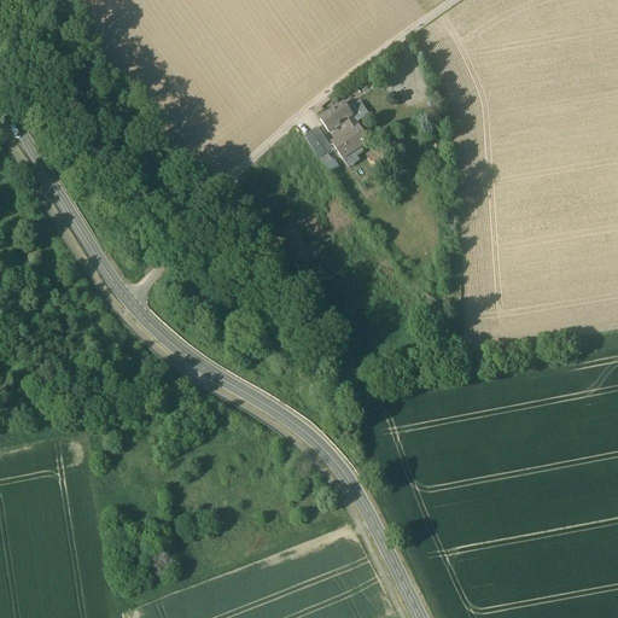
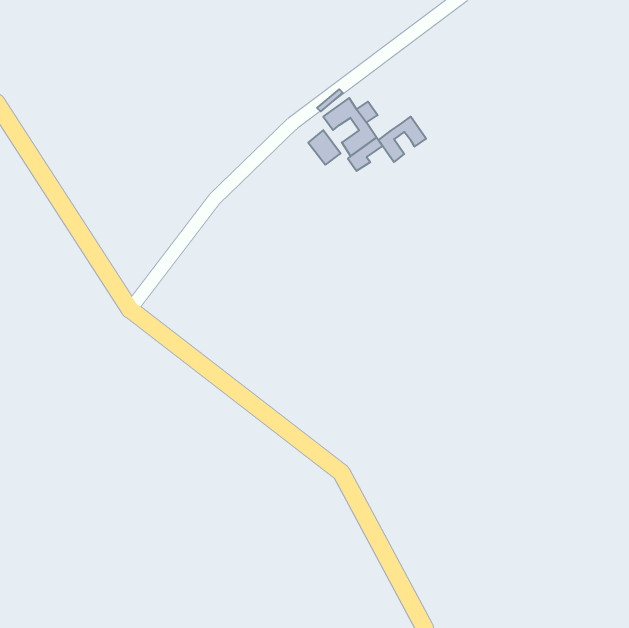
building: none -> [378,117,426,162]

